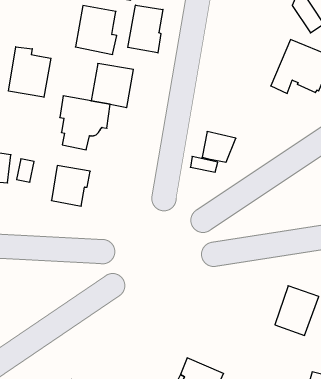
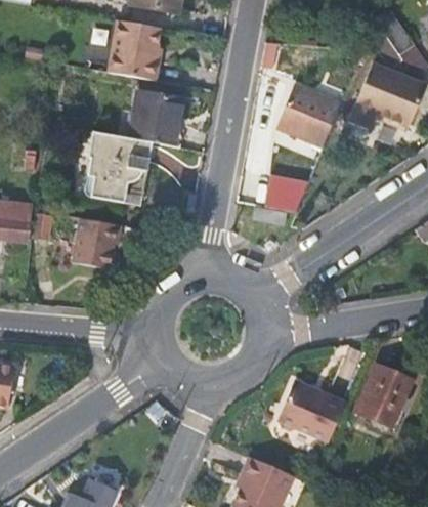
building: [128,5,163,53] -> none
building: [9,47,51,97] -> none
building: none -> [276,88,340,147]
building: none -> [277,381,344,441]

